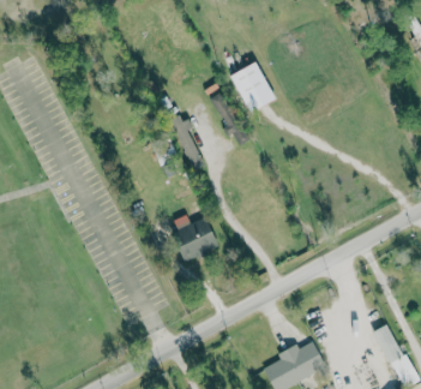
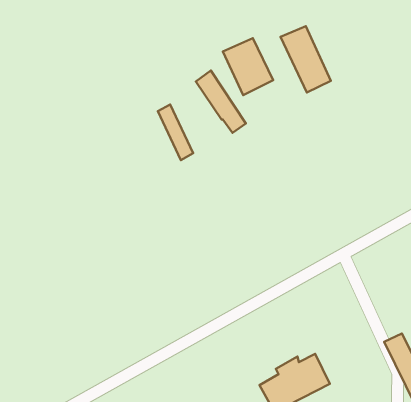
building: none -> [281,26,331,93]
building: [173,215,218,261] -> none

